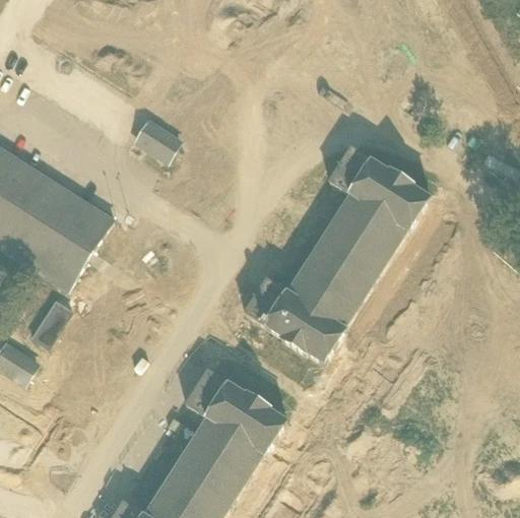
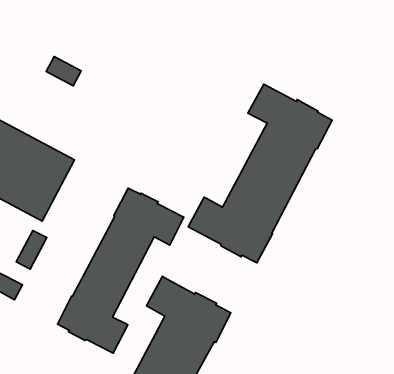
building: [136,121,179,158] -> [46,56,81,86]
building: none -> [57,188,184,353]

